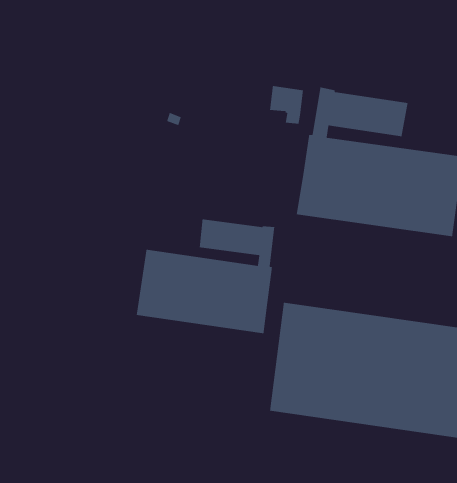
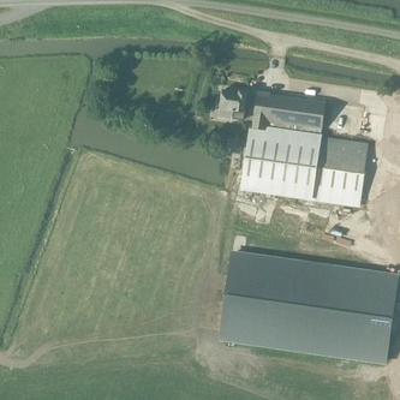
building: [136,219,275,334] -> none

